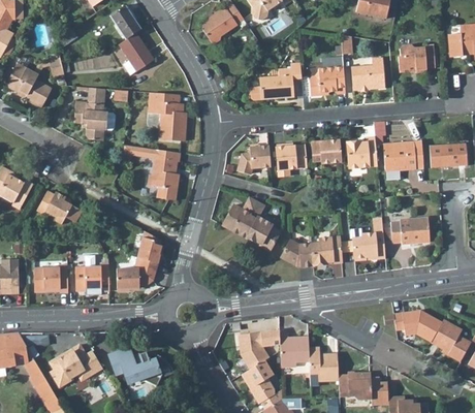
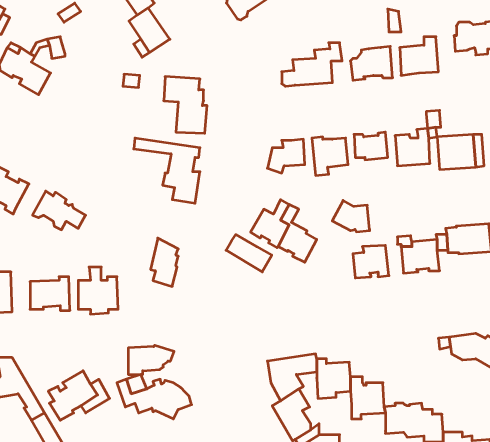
building: [73,88,115,140] -> none
building: none -> [226,235,272,272]
building: [281,240,313,266] -> [332,200,370,232]
building: [117,266,156,291] -> [128,345,174,374]

